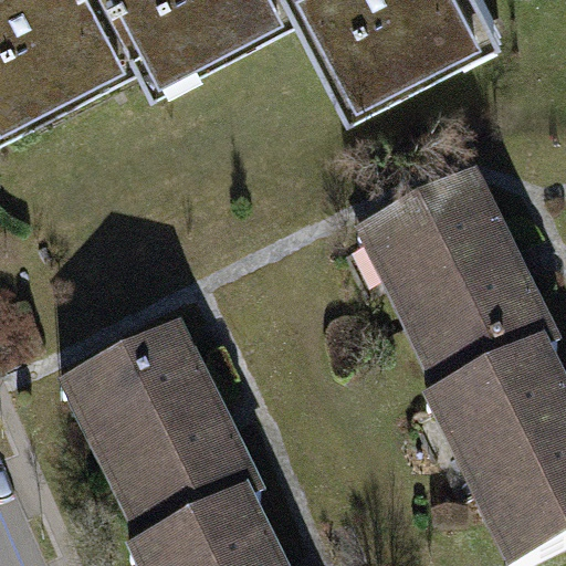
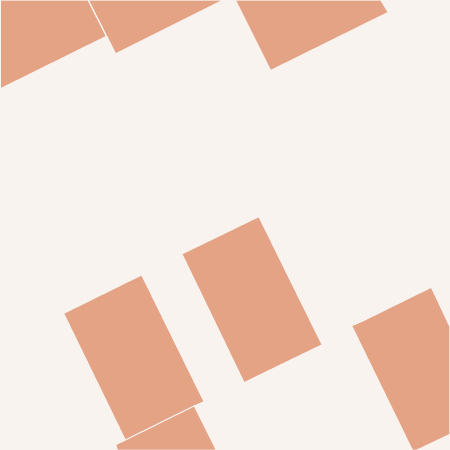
building: [376,197,553,403] -> none
building: none -> [182,217,322,383]

